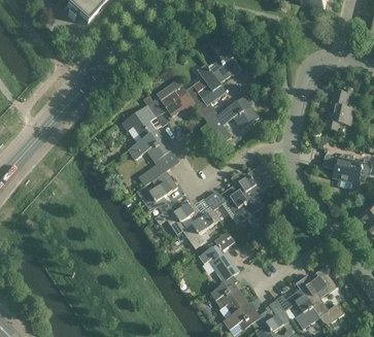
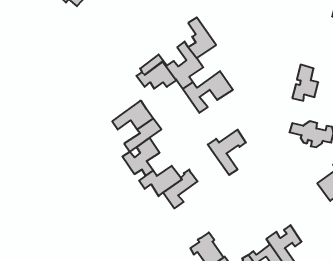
building: [121,101,161,142] -> none
building: [205,183,254,221] -> none
building: [199,231,239,281] -> none

